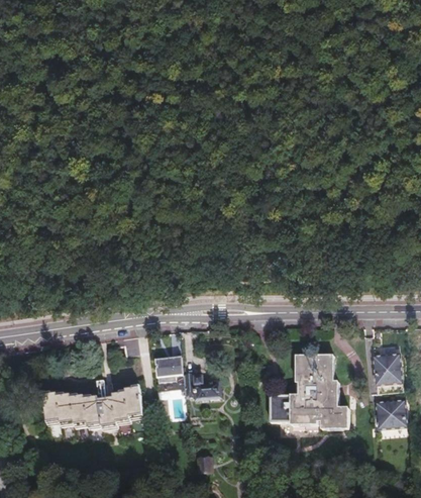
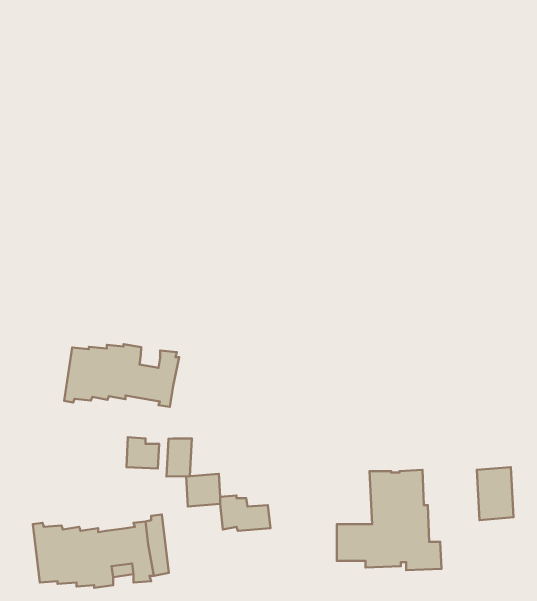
building: none -> [64,344,179,407]
building: none -> [167,438,192,476]
building: [375,398,404,425] -> none

